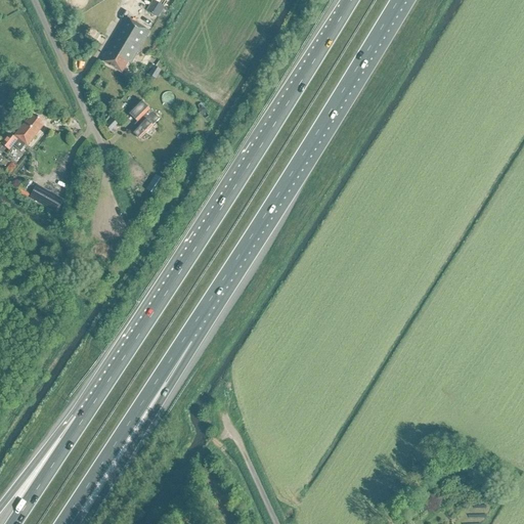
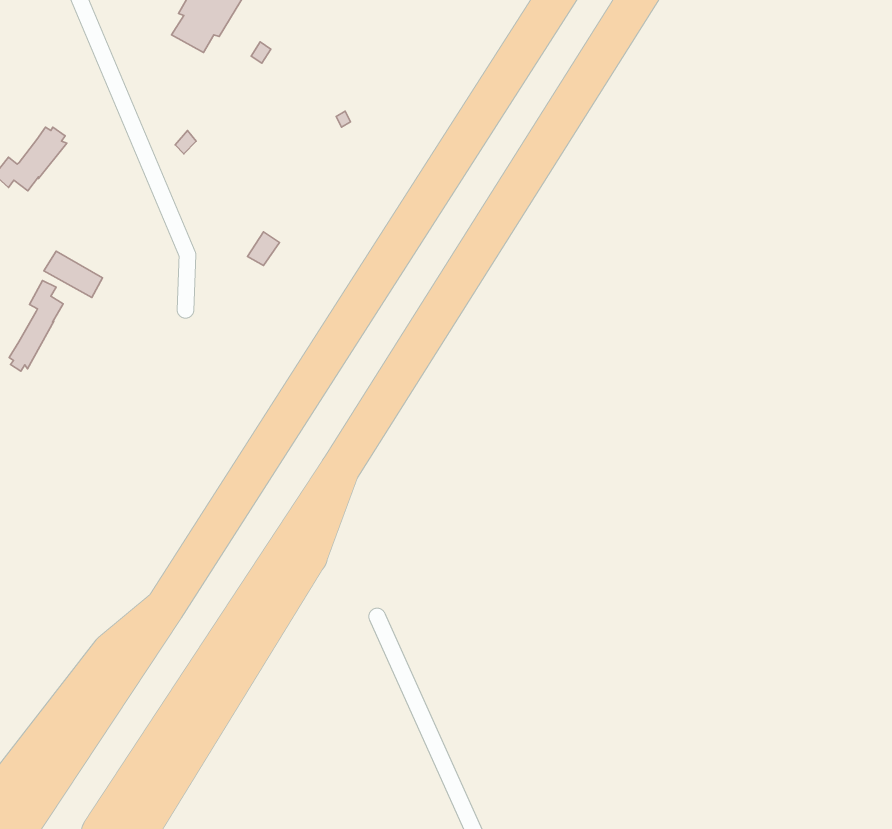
building: [129,98,160,137] -> none
building: none -> [9,281,63,371]

